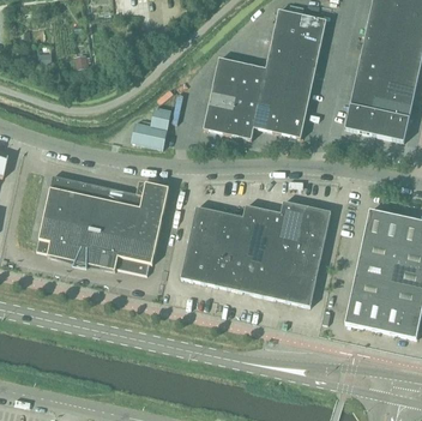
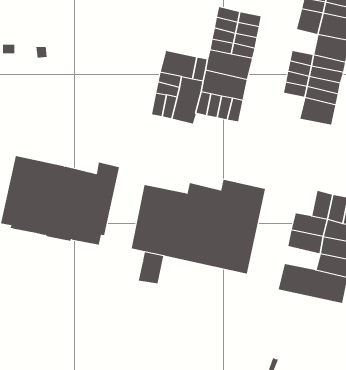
building: [360,34,388,62] -> none
building: [344,104,374,133] -> none
building: [131,107,171,148] -> none
building: [363,209,387,241] -> none
building: [351,275,391,301] -> none
building: none -> [138,252,164,284]

